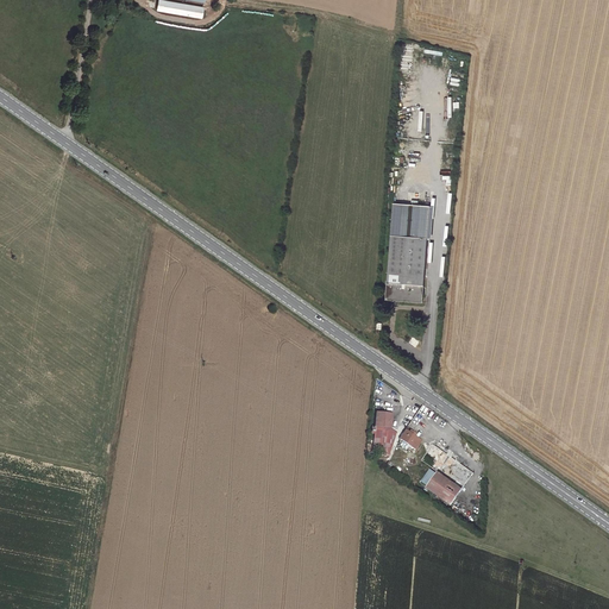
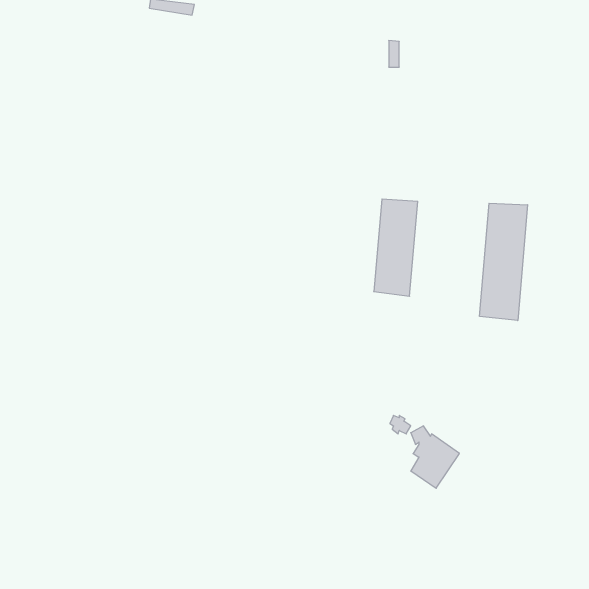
building: none -> [480,203,528,321]
building: [373,410,396,454] -> none

